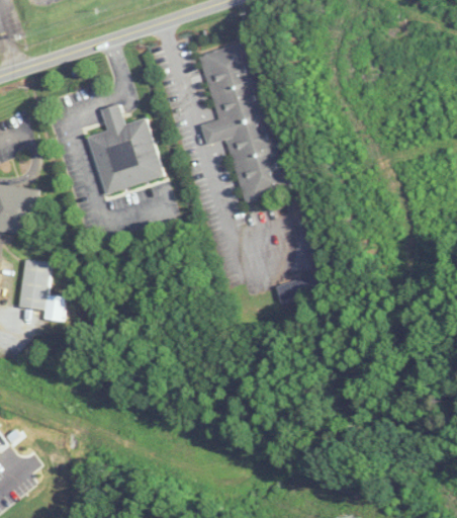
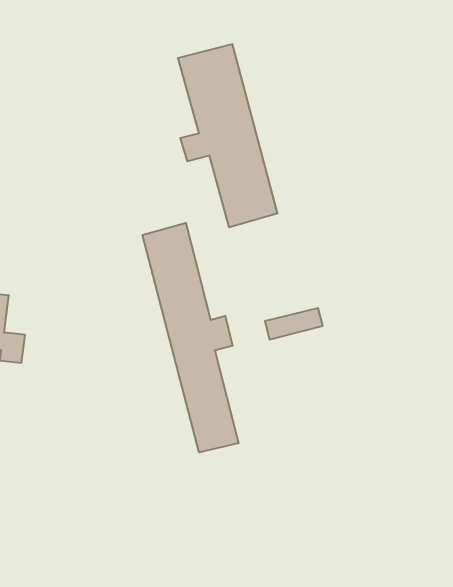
building: [88,104,161,193] -> none
building: none -> [143,223,239,452]

